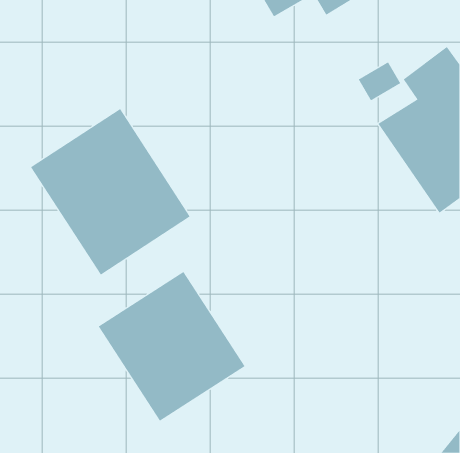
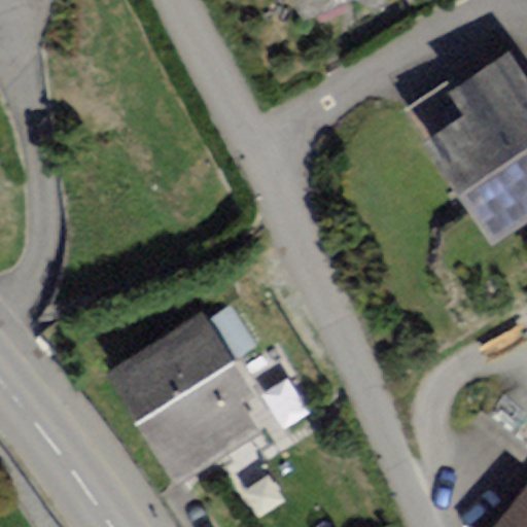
building: [30,108,191,275] -> none

